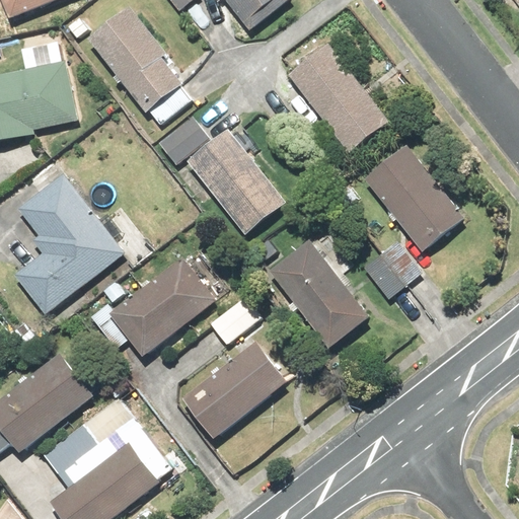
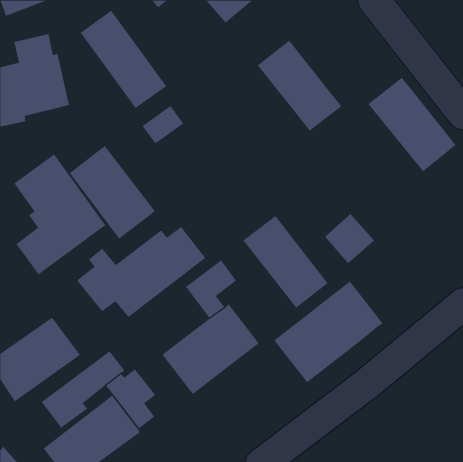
building: [188,130,285,235] -> [69,145,156,239]
building: [364,145,463,251] -> [368,77,457,172]
building: none -> [273,281,383,383]

